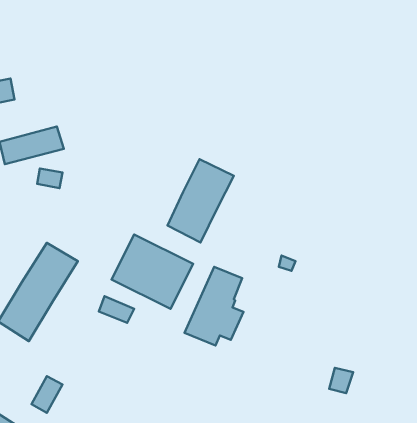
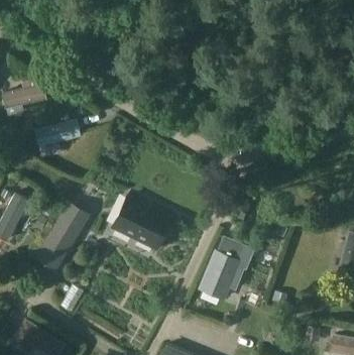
building: [167,159,234,243] -> none
building: [185,267,244,345] -> [202,239,244,295]

